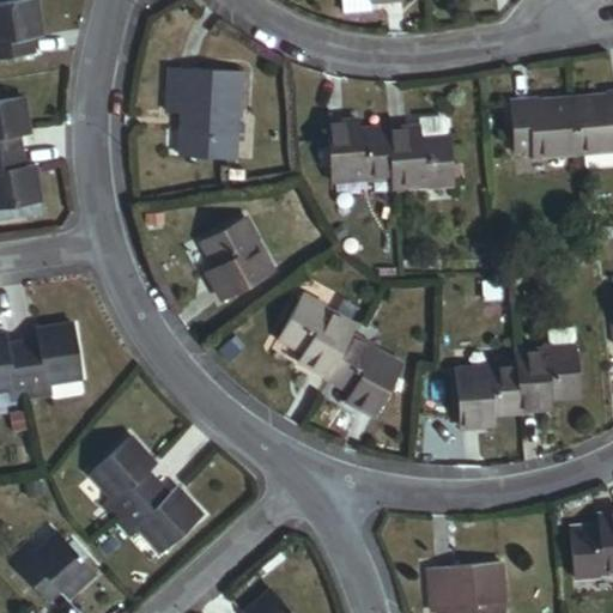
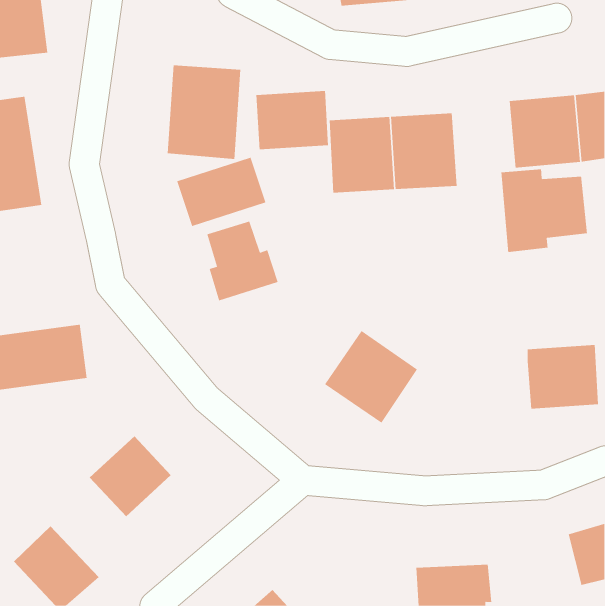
building: none -> [256,90,329,150]
building: none -> [176,157,266,227]
building: none -> [501,169,587,253]
building: [266,291,360,383] -> none
building: [451,360,530,430] -> none
building: [126,474,208,557] -> none

